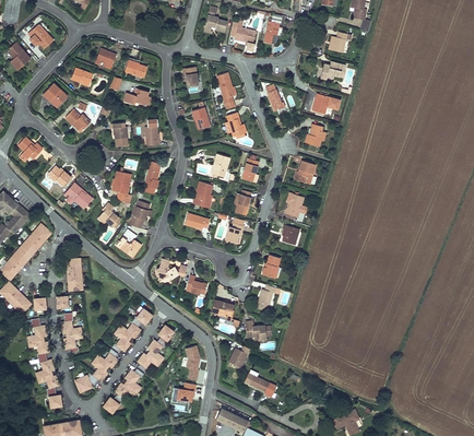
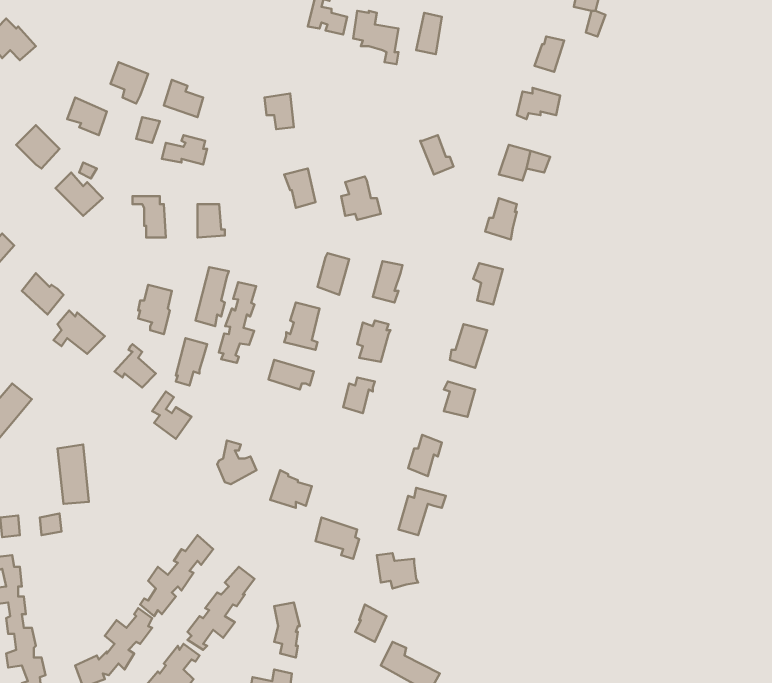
building: [215,71,236,109] -> none
building: none -> [219,282,256,363]
building: [59,314,83,354] -> none

